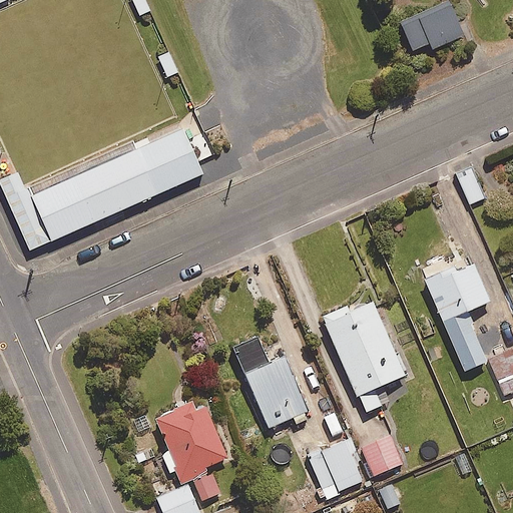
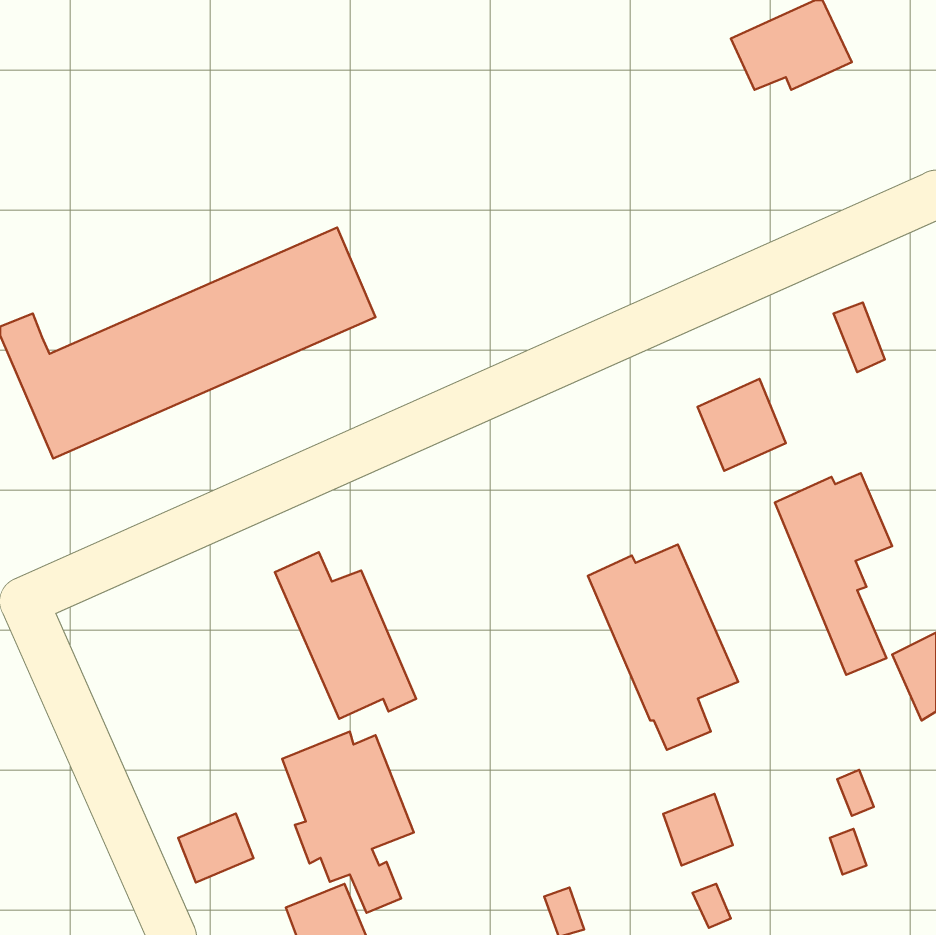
building: none -> [698,379,786,471]
building: [232,336,310,427] -> [275,552,416,719]
building: [309,440,366,500] -> none
building: none -> [178,813,253,882]

